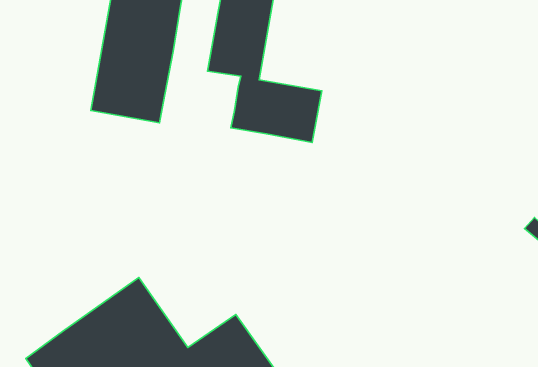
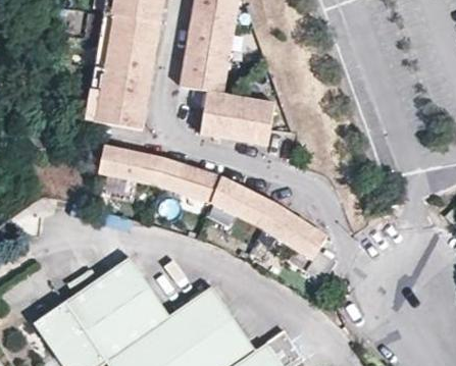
building: none -> [93,140,337,282]

